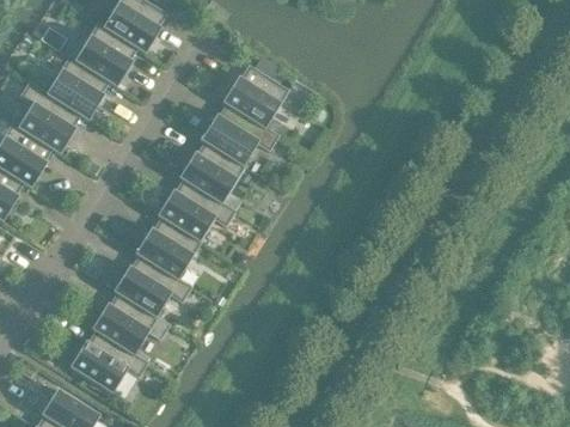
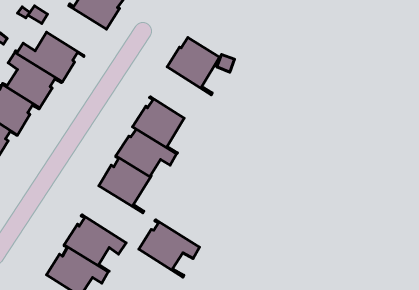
building: [68,23,145,86] -> none
building: [201,100,278,166] -> none
building: [114,252,191,325] -> [139,220,200,277]

